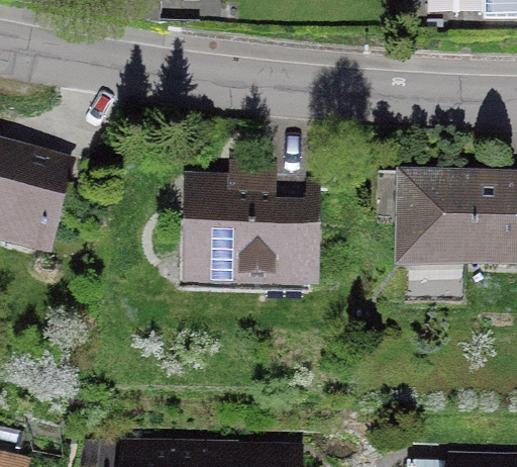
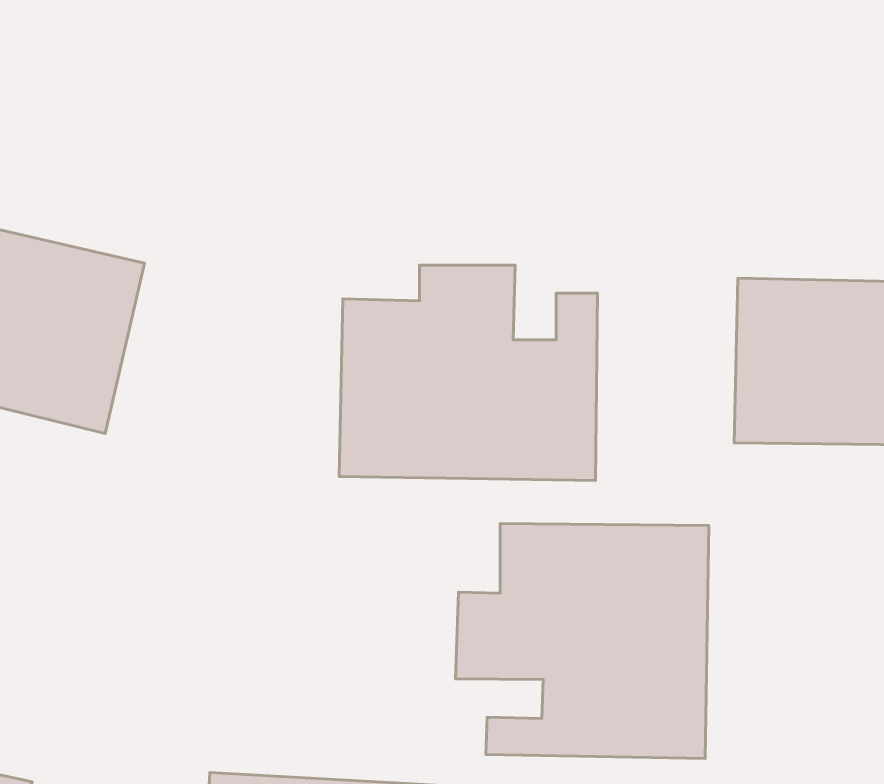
building: none -> [455,524,709,759]

